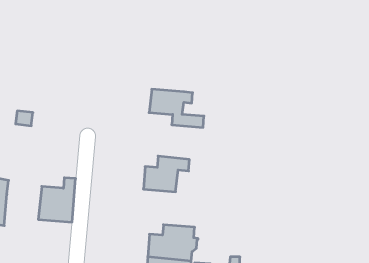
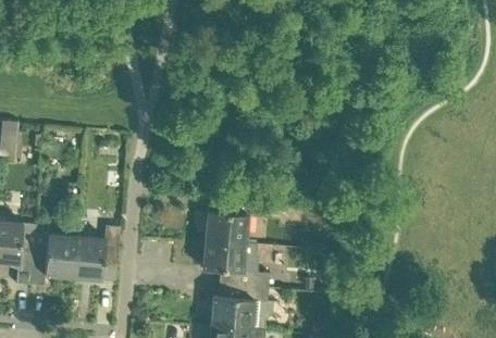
building: [149,89,204,127] -> [201,240,270,288]
building: none -> [30,225,77,287]

